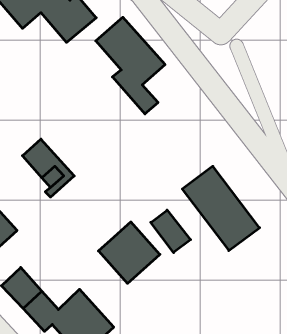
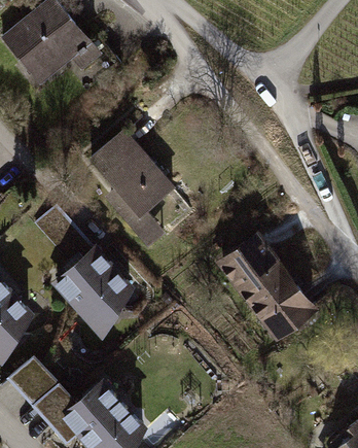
building: [96,17,165,114] -> [92,132,173,245]
building: [151,210,191,253] -> none
building: [98,222,160,283] -> [58,249,130,321]

